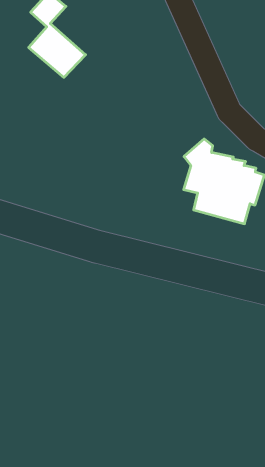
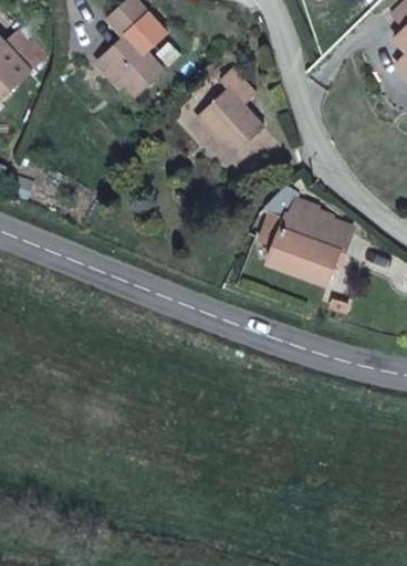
building: none -> [200,70,264,154]

